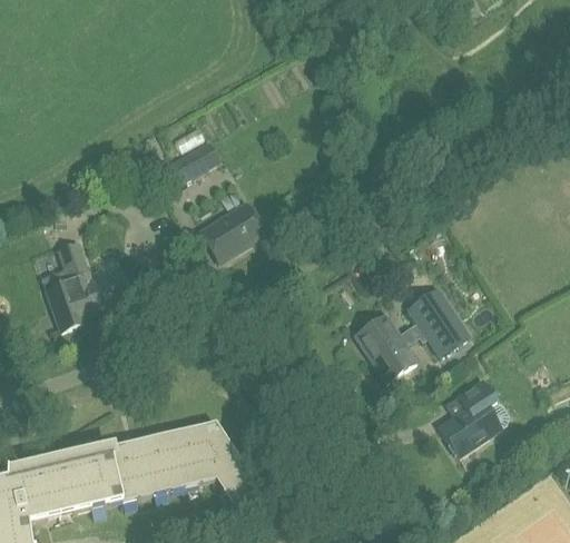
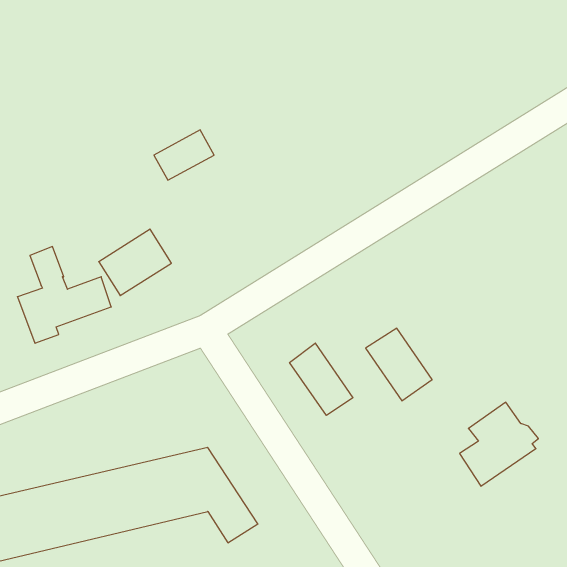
building: [199,203,264,261] -> [99,229,171,296]
building: [395,288,466,355] -> none
building: none -> [290,343,353,415]

